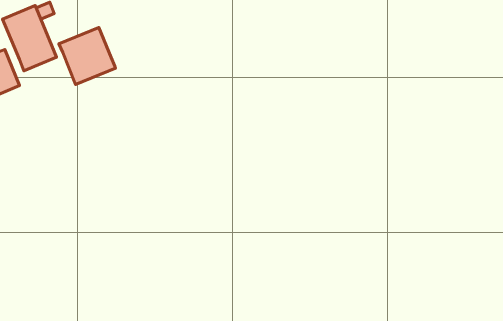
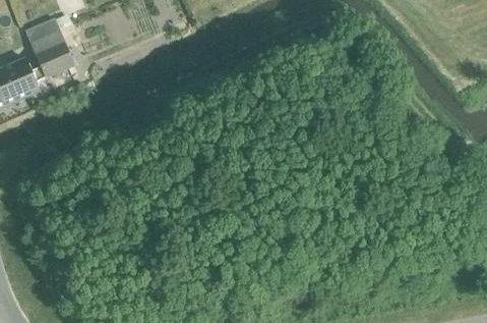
building: [59,28,115,84] -> none

